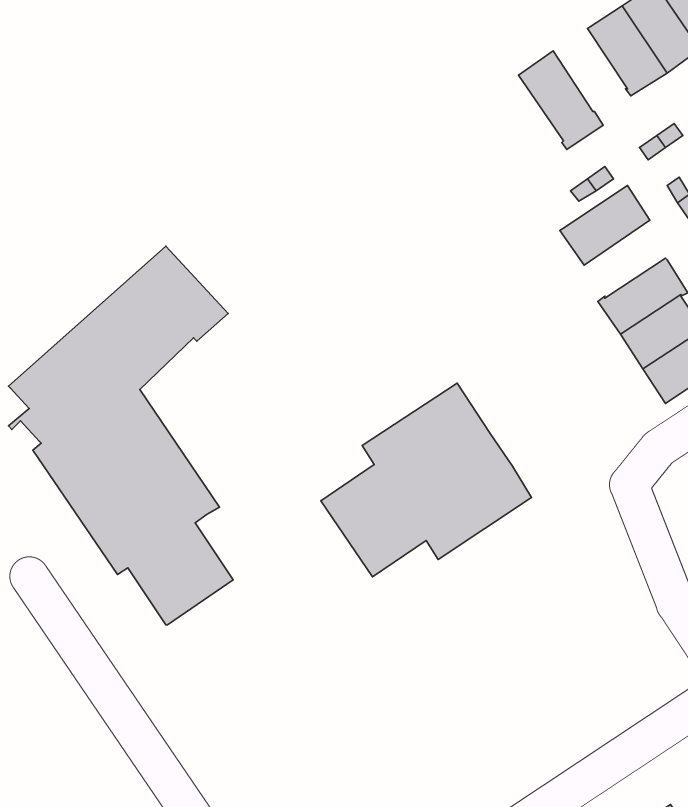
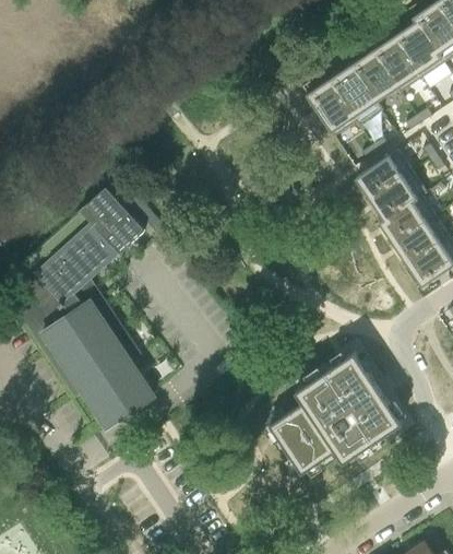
building: none -> [351,49,398,102]
building: none -> [307,79,358,135]
building: none -> [371,170,428,220]
building: [321,383,532,577] -> [270,351,403,473]

